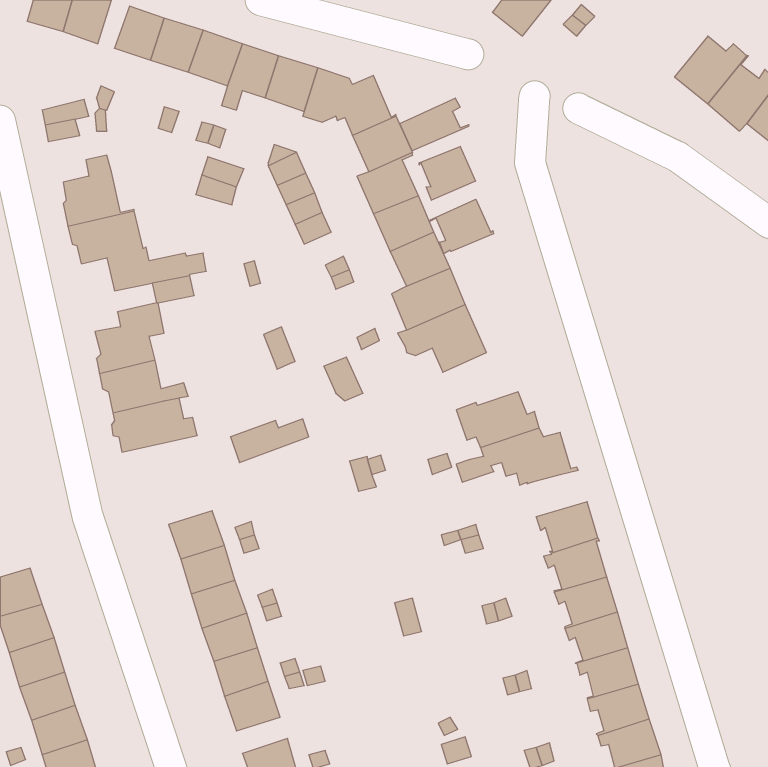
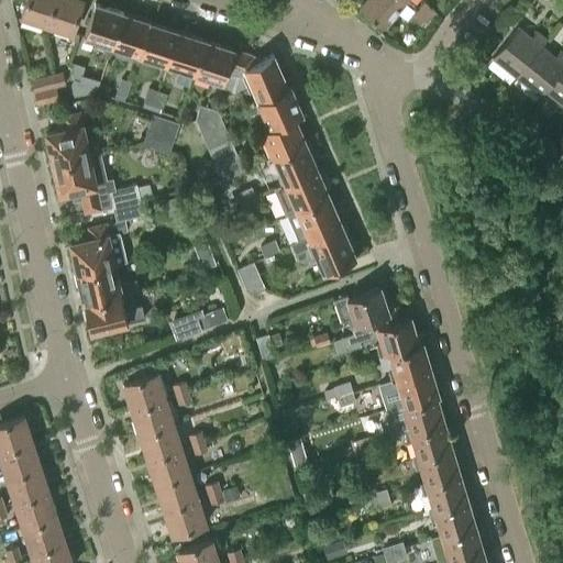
building: [400,98,469,151] -> none
building: [419,146,475,200] -> none
building: [429,199,494,254] -> none
building: none -> [389,345,430,379]

